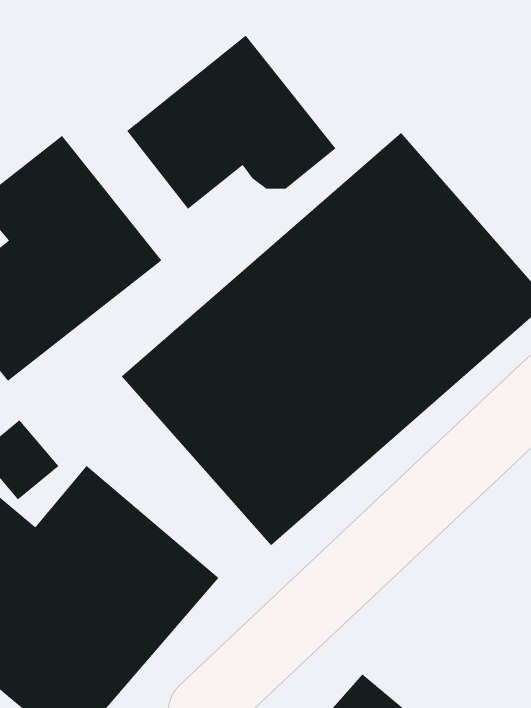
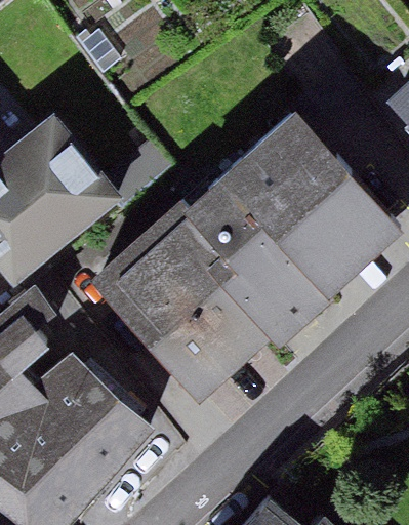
building: [126,35,336,210] -> none

